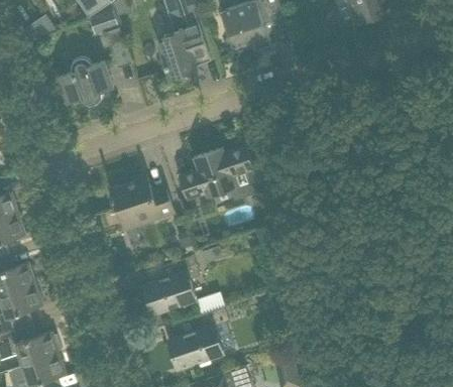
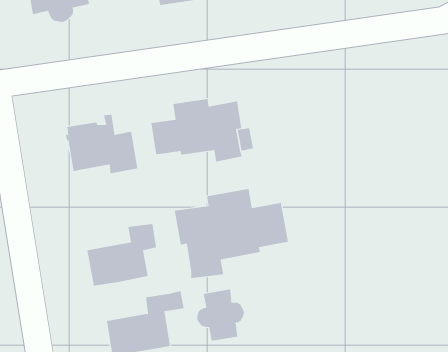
building: none -> [174,188,288,279]
building: none -> [197,289,244,342]

